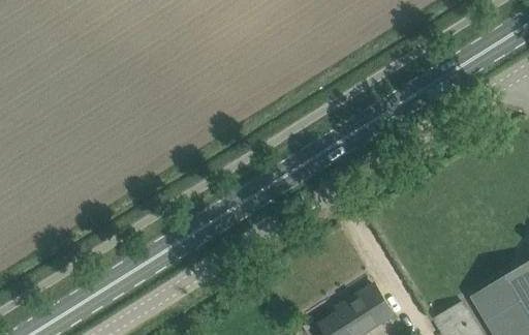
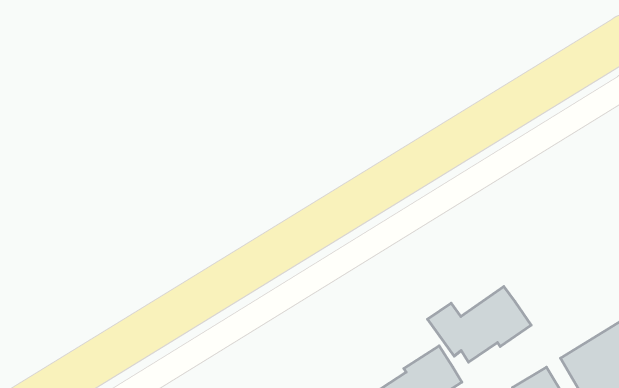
building: none -> [428,286,531,362]

